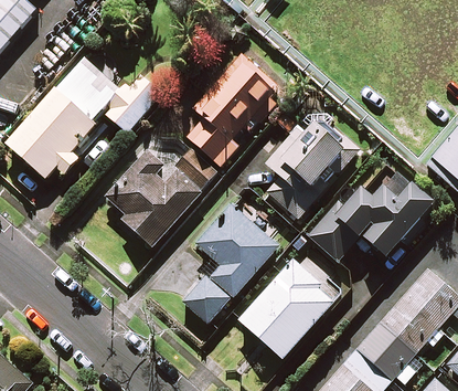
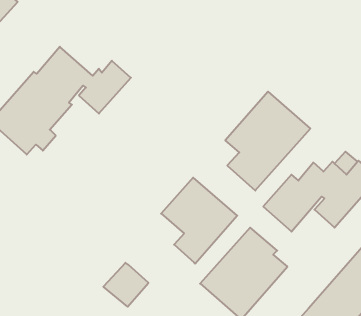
building: [188,55,277,166] -> none
building: [104,145,217,246] -> none
building: [181,276,231,325] -> [103,263,148,307]

